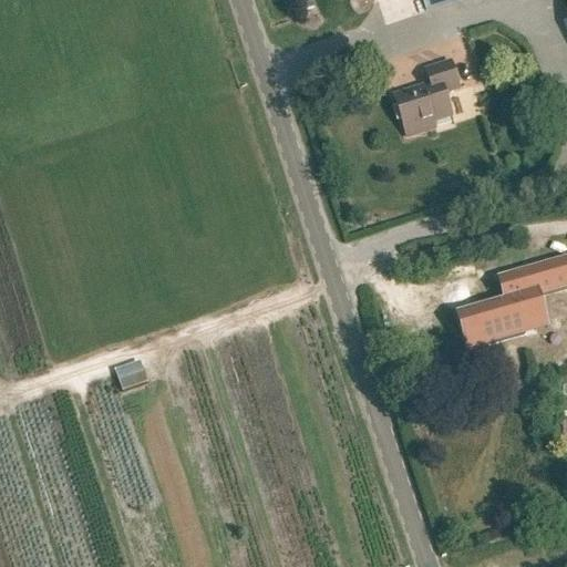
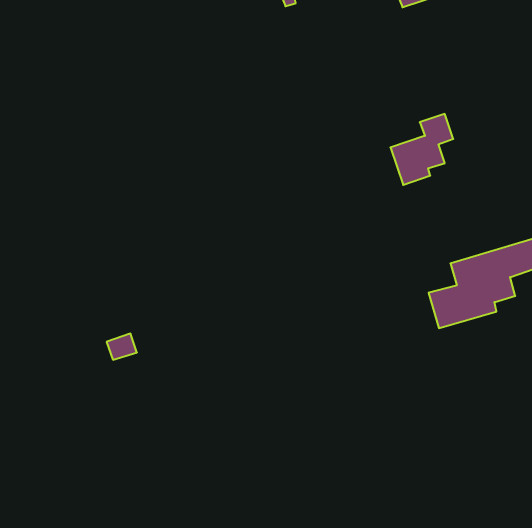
building: [395,59,462,134] -> [390,114,453,185]

